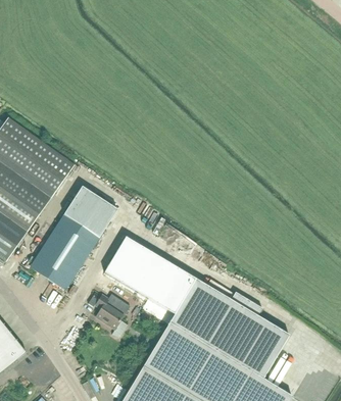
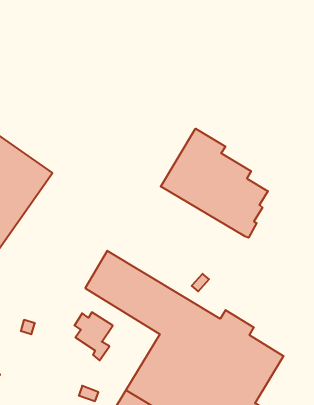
building: none -> [161,129,268,238]
building: [31,186,118,290] -> none

